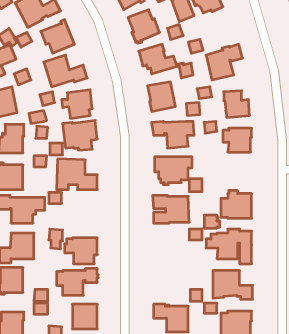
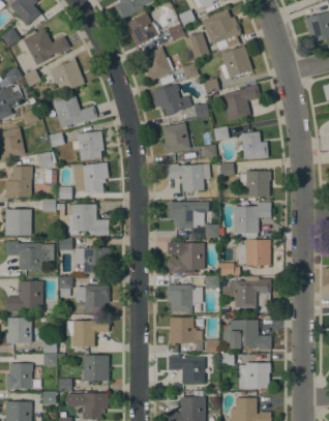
building: none -> [220,44,252,79]
building: none -> [233,202,271,232]
building: none -> [74,247,110,273]
building: none -> [167,284,202,311]
building: none -> [168,317,202,344]

